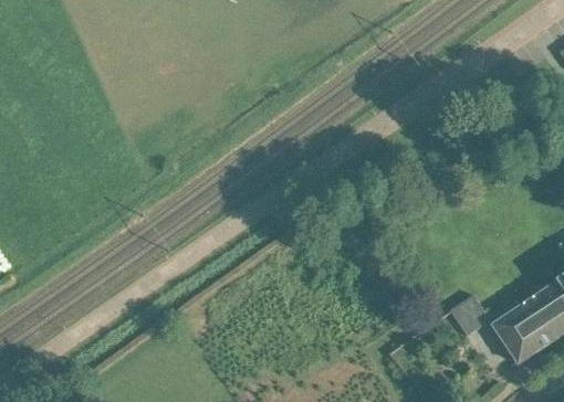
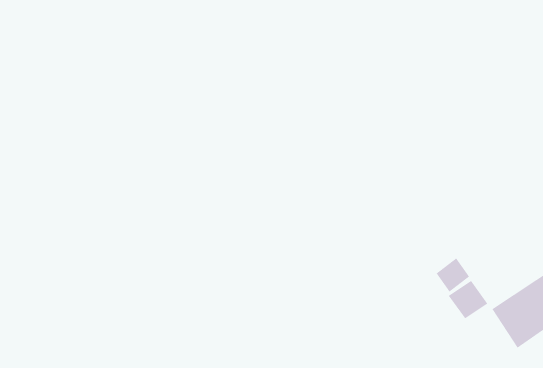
building: none -> [436,258,470,292]

